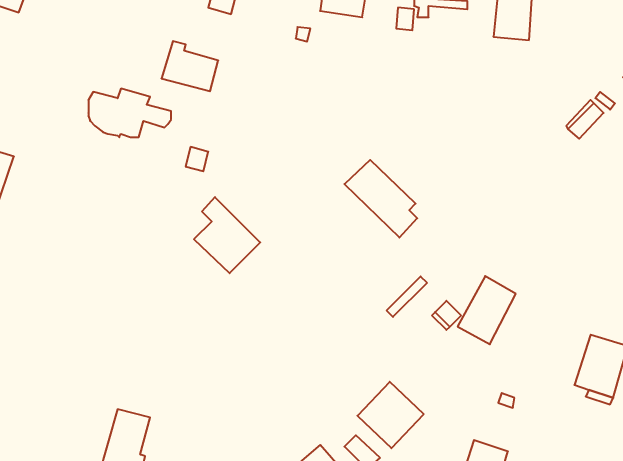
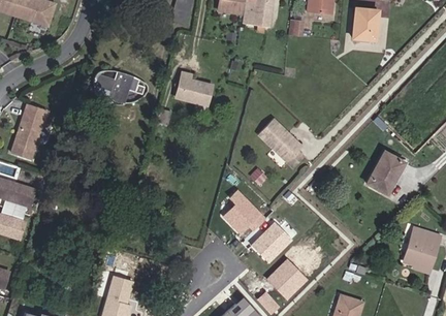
building: [161,41,218,91] -> [174,73,211,105]
building: [194,197,260,273] -> [223,189,265,238]
building: [458,276,516,344] -> [367,151,404,194]
building: none -> [250,222,292,263]

